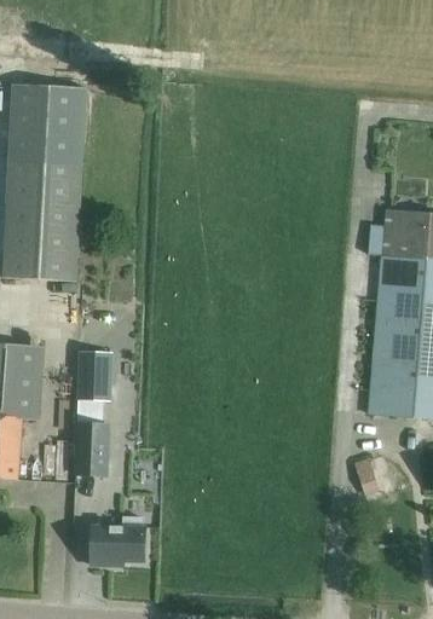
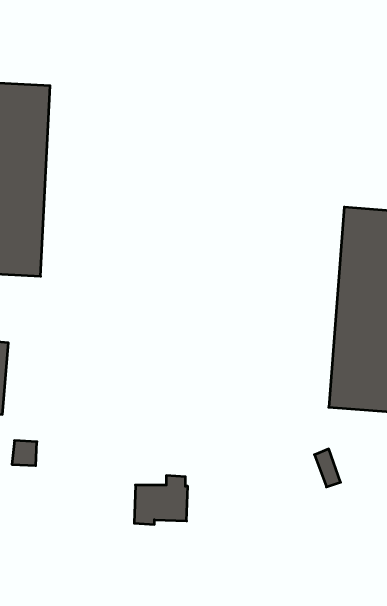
building: [77,349,112,400] -> none
building: [75,423,109,473] -> none
building: [90,515,144,565] -> [134,476,188,524]

